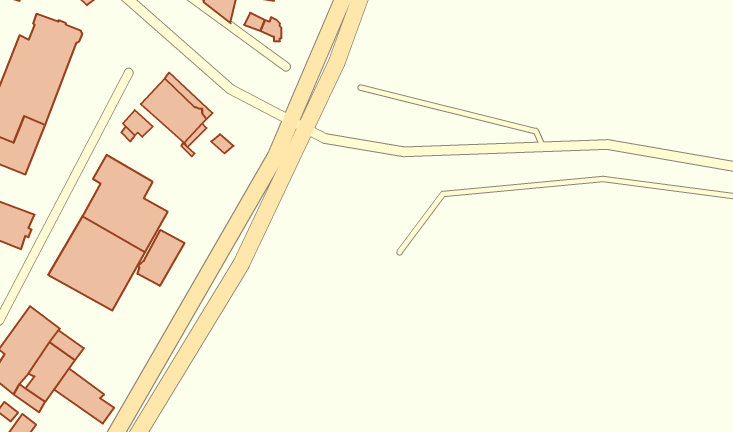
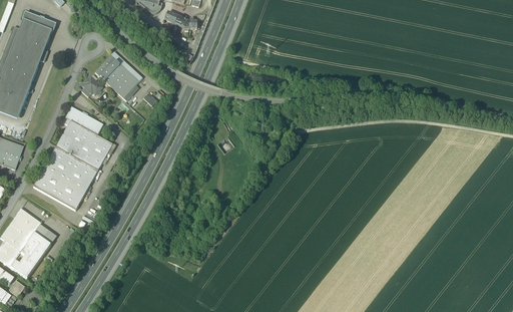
building: [137,230,184,286] -> none
building: [54,369,114,424] -> none

